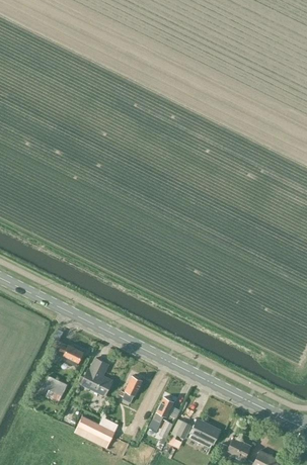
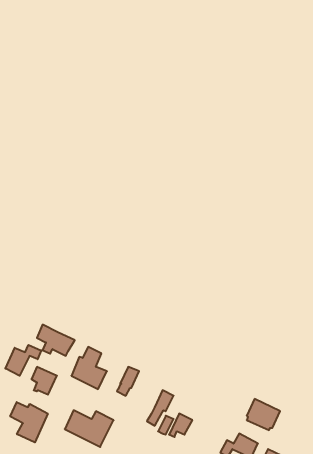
building: none -> [5,345,41,376]
building: none -> [10,402,48,442]
building: [189,418,220,447] -> [247,399,280,430]

